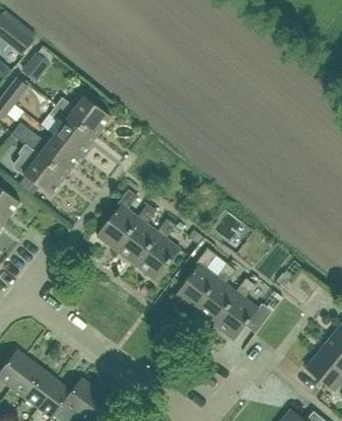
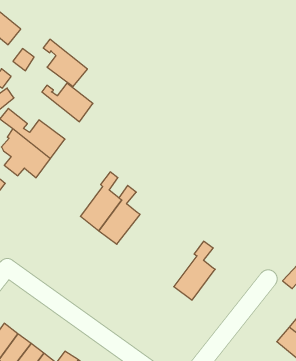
building: [49,106,95,155] -> [43,39,87,86]
building: [135,219,179,281] -> none
building: [175,249,219,310] -> none
building: [214,278,271,340] -> none

